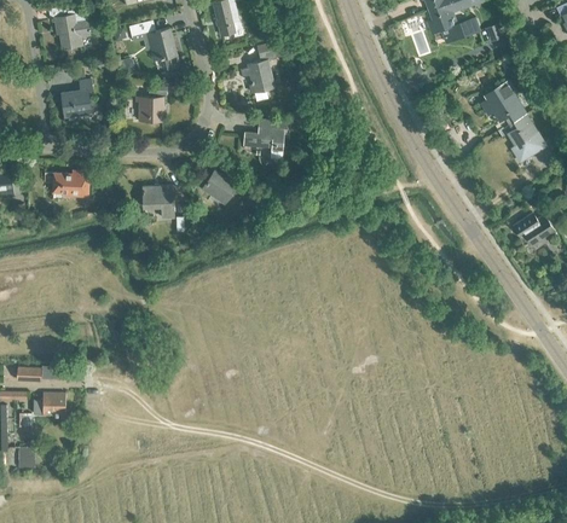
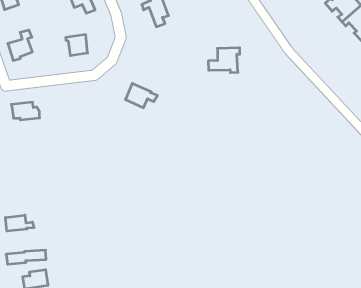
building: [244,117,289,152] -> [208,48,240,73]
building: [143,185,174,217] -> none
building: none -> [6,215,34,231]

